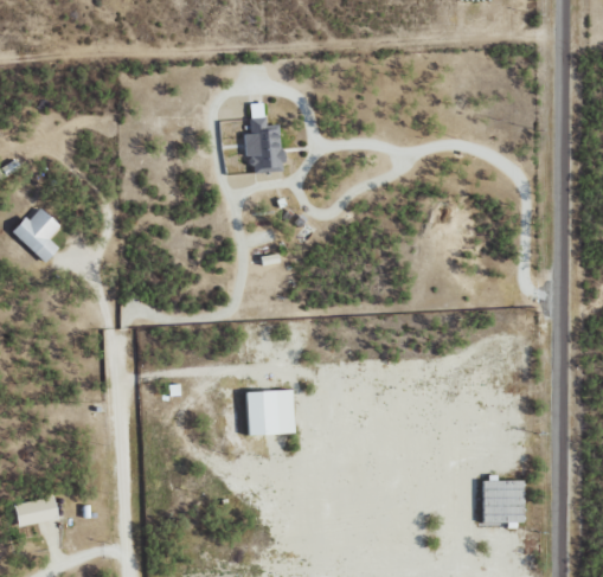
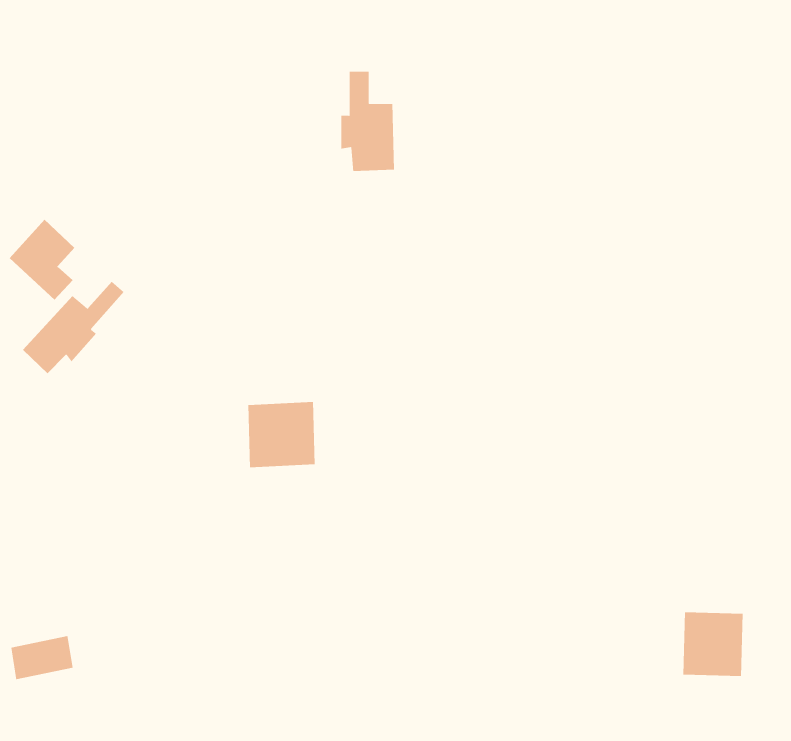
building: none -> [22,281,125,374]
building: [246,389,294,435] -> [247,402,315,468]

